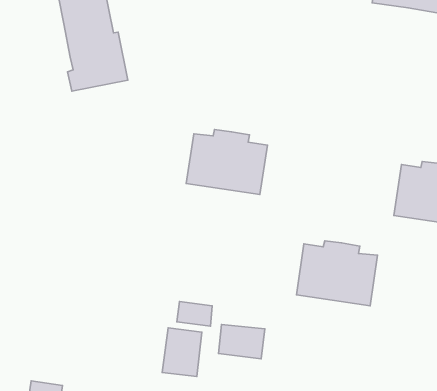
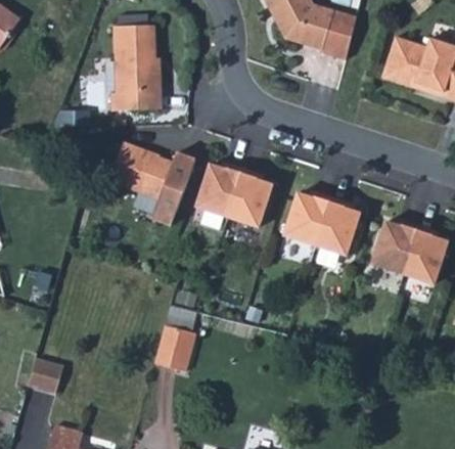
building: none -> [108,142,195,208]
building: [296,241,378,306] -> [285,192,361,255]
building: [218,324,265,359] -> none

